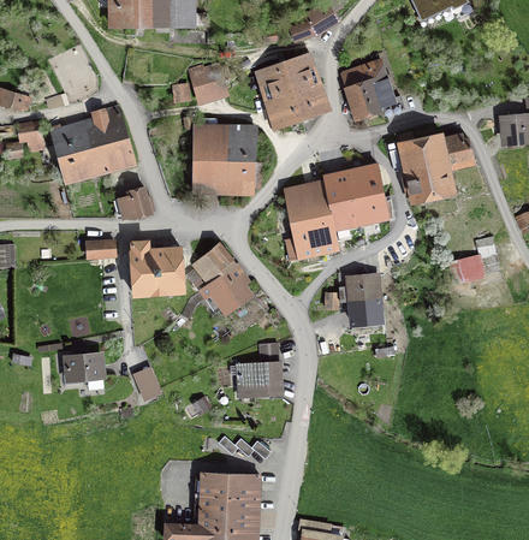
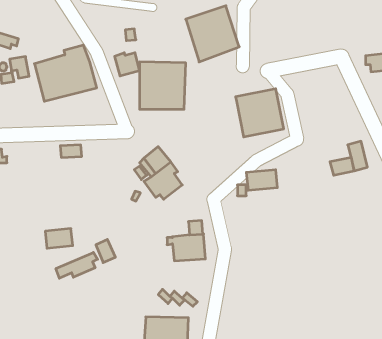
building: [343,63,404,120] -> none
building: [190,65,224,96] -> [115,53,140,76]
building: [398,132,475,203] -> none
building: [285,182,339,260] -> none
building: [114,188,154,219] -> none
building: [131,241,184,295] -> none
building: [350,298,381,324] -> none
building: none -> [56,252,98,278]

